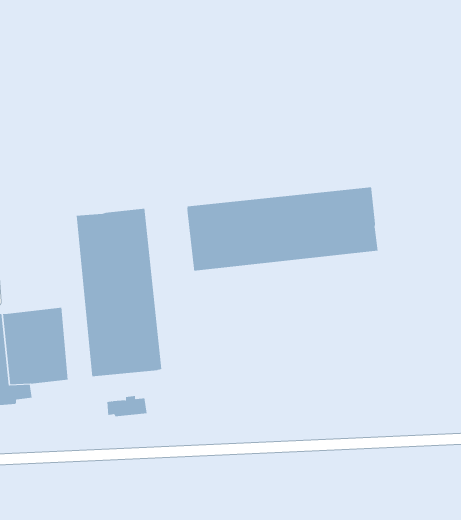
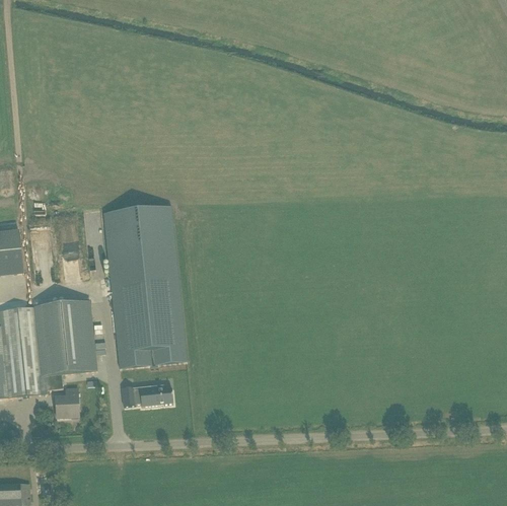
building: [187,187,378,271] -> none
building: none -> [55,387,78,417]

